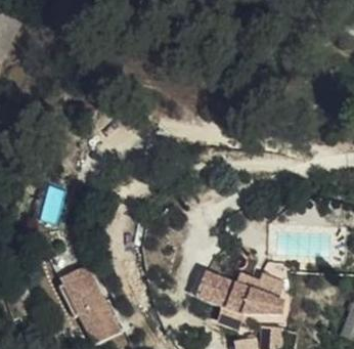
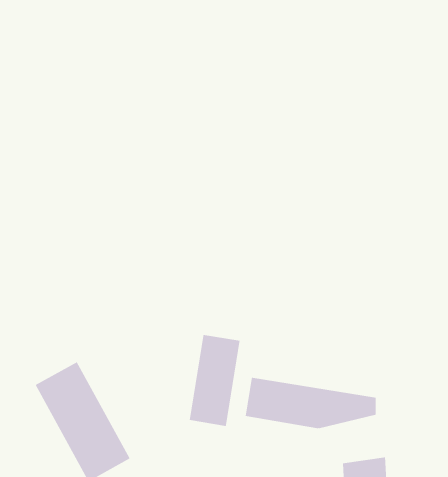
building: none -> [189,334,240,427]

